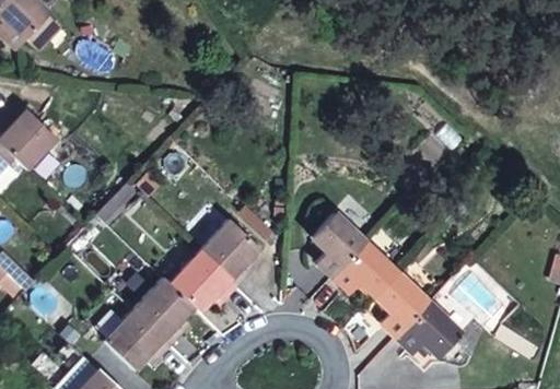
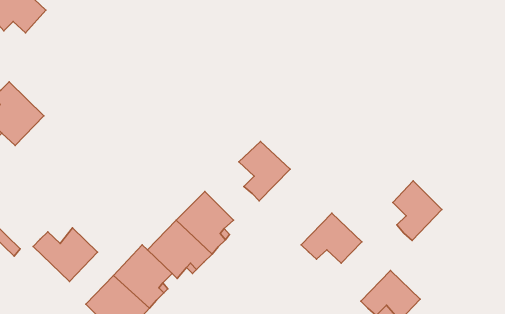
building: [311,212,365,275] -> [239,141,290,201]
building: none -> [33,228,98,281]
building: [375,272,428,335] -> [393,181,442,240]

